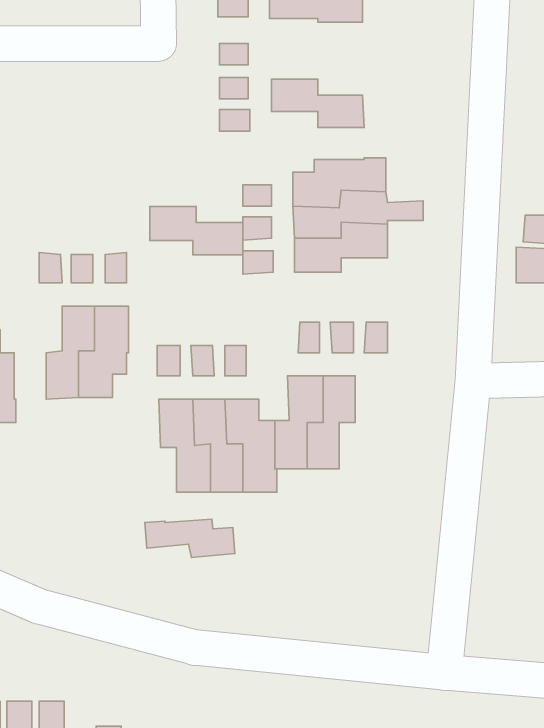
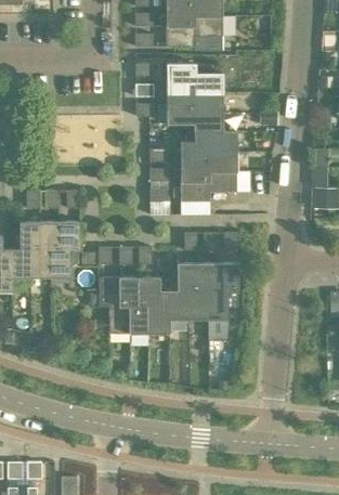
building: none -> [166,63,221,93]
building: [150,207,243,255] -> [166,103,222,132]
building: none -> [10,221,39,277]
building: none -> [207,263,237,320]
building: [145,519,235,558] -> none

